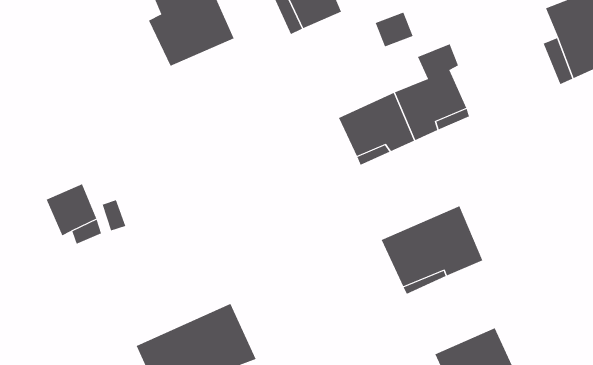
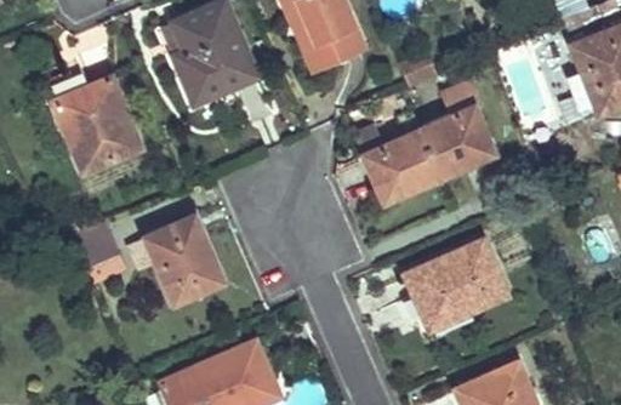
building: none -> [53,76,141,171]
building: none -> [144,216,222,302]

